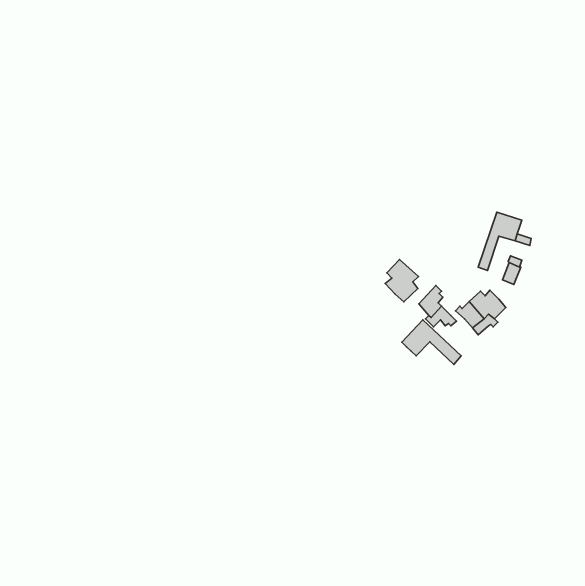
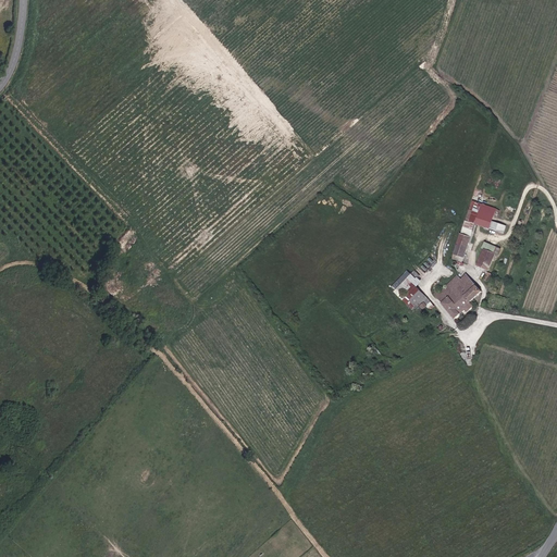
building: [385,260,418,302] -> none
building: [402,320,461,364] -> none

